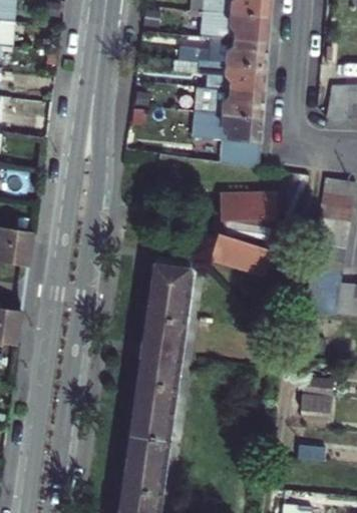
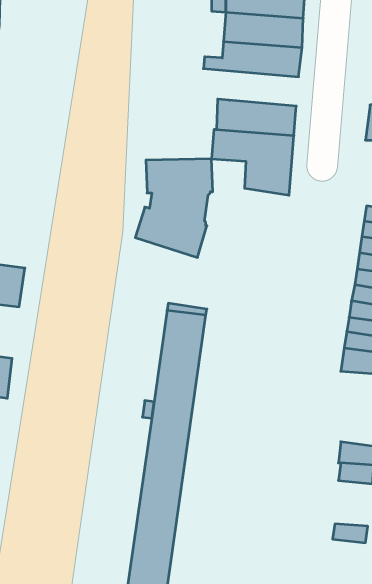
building: [185,60,267,92] -> none
building: [210,192,276,277] -> [135,159,213,257]

